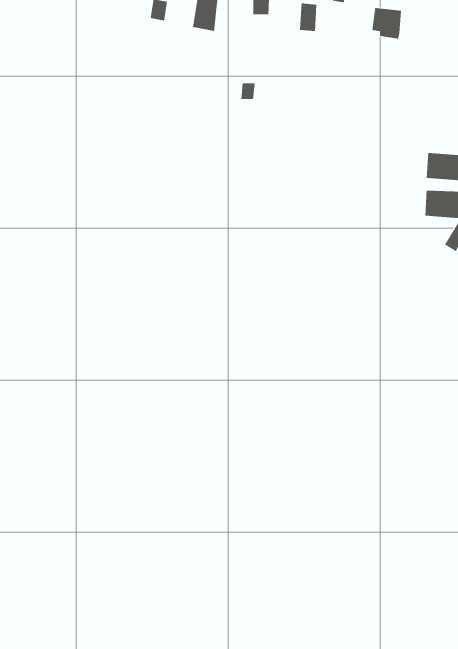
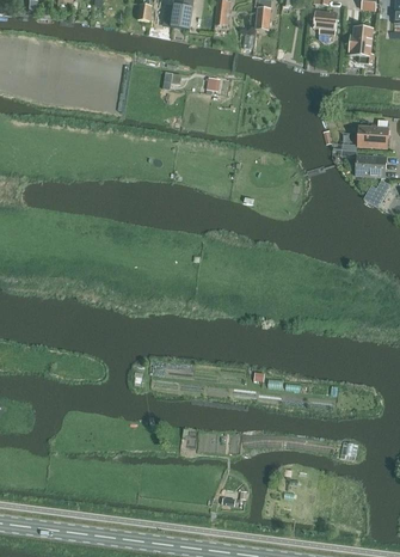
building: none -> [349,25,373,63]

